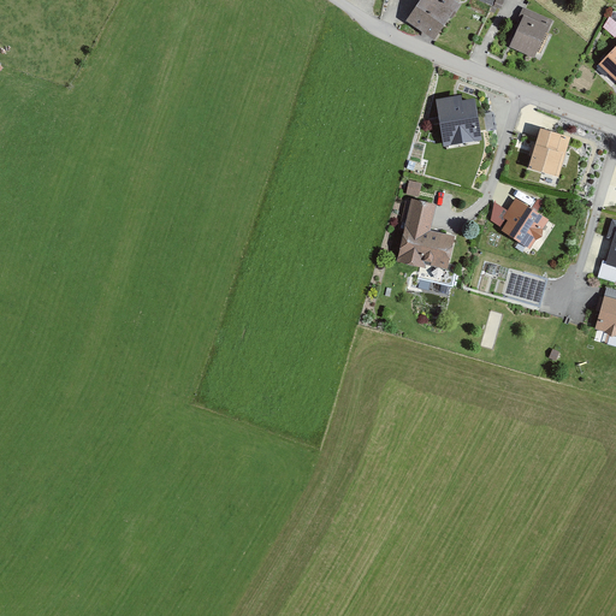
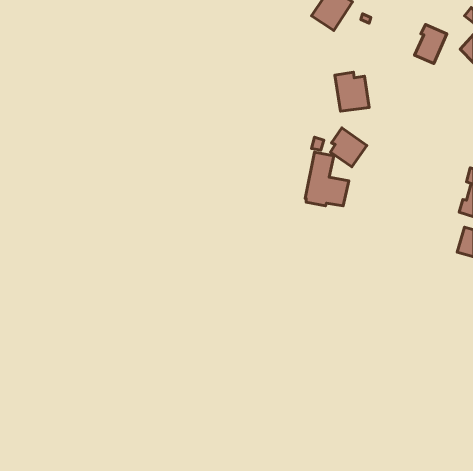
building: [508,7,550,58] -> [414,25,447,64]
building: [527,128,569,176] -> none
building: [500,197,547,248] -> [331,128,367,167]

